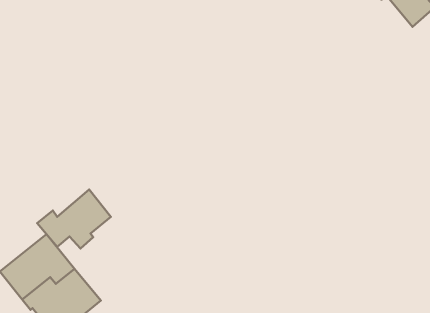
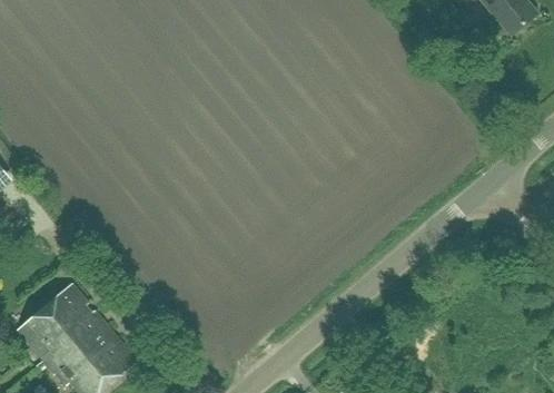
building: [37,190,111,248] -> none

